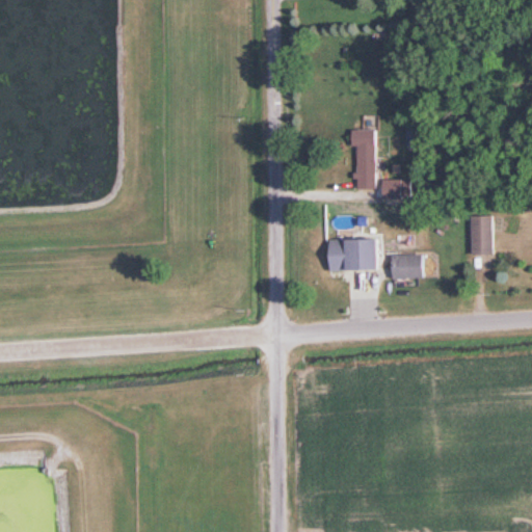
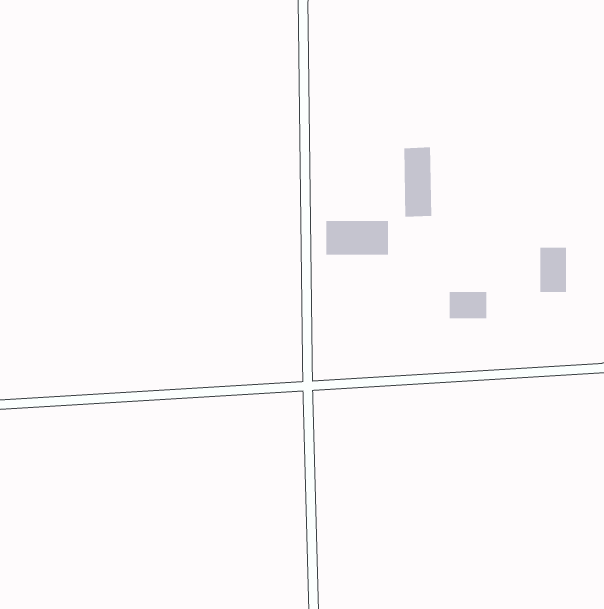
building: [380,179,402,198] -> none
building: [327,239,382,269] -> [325,220,389,255]

